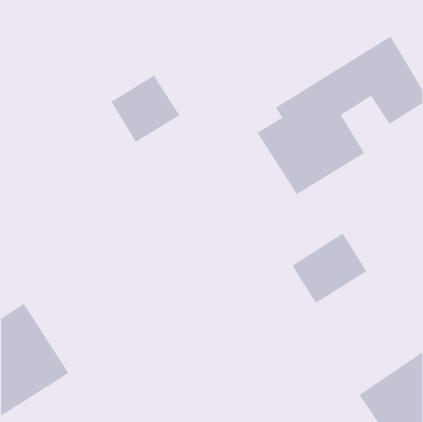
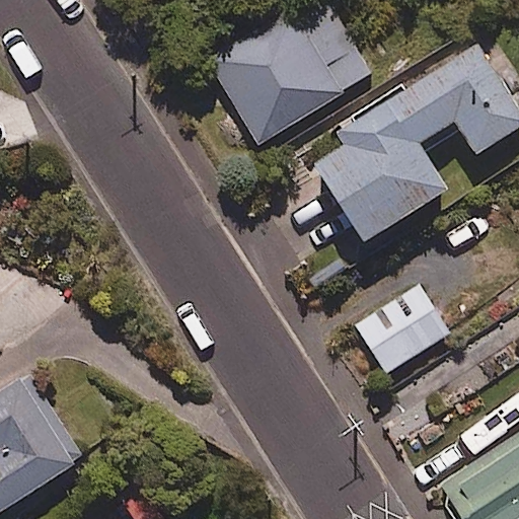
building: none -> [205,6,375,146]
building: [110,74,180,143] -> none

